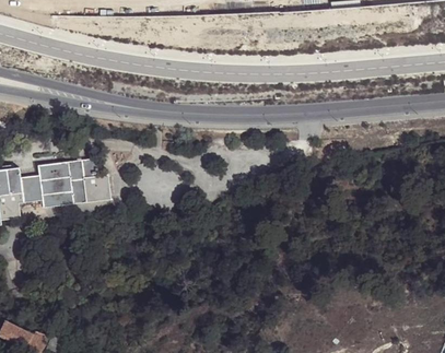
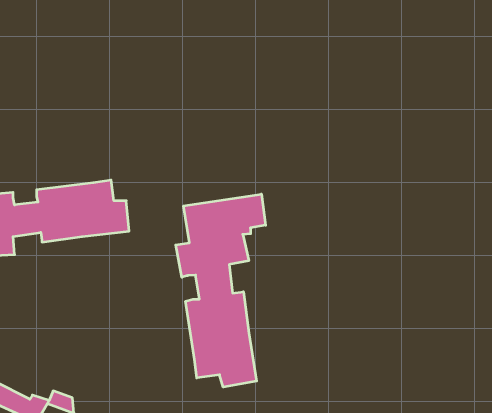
building: none -> [176,194,266,387]

